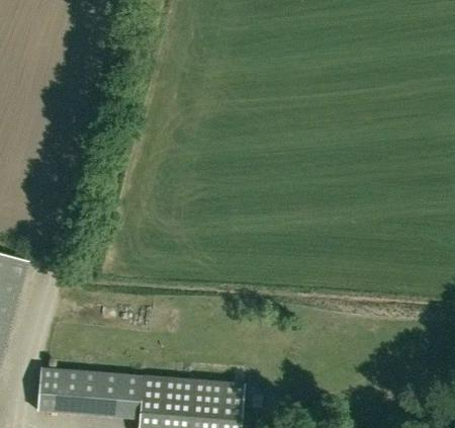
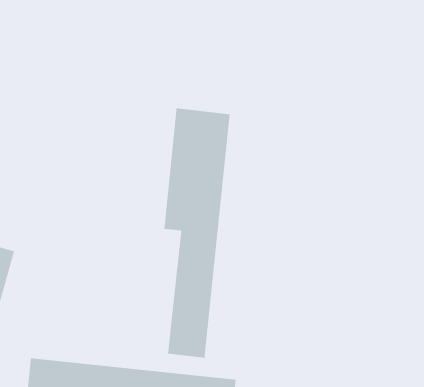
building: none -> [164,108,230,358]

